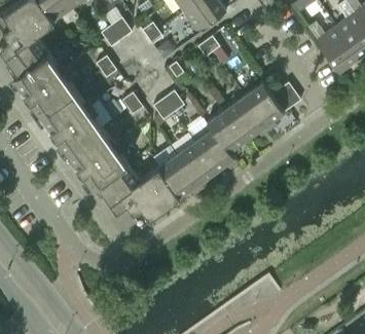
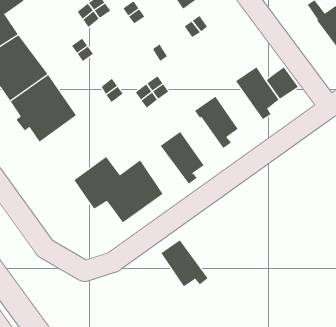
building: [226,96,268,139] -> none
building: [67,126,127,188] -> none
building: [194,128,239,172] -> none
building: [158,154,202,197] -> [161,240,208,287]

